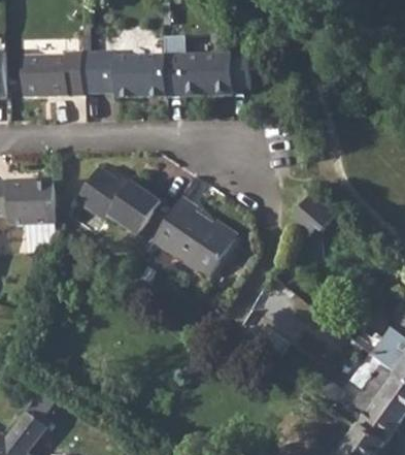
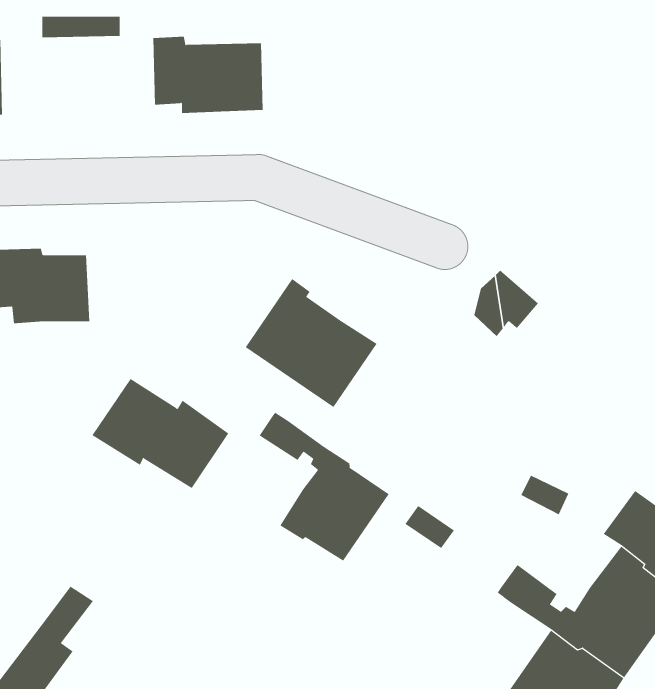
building: [162,34,246,95] -> none
building: [22,52,81,98] -> none
building: [75,165,160,233] -> [91,378,229,489]
building: none -> [259,412,390,562]

